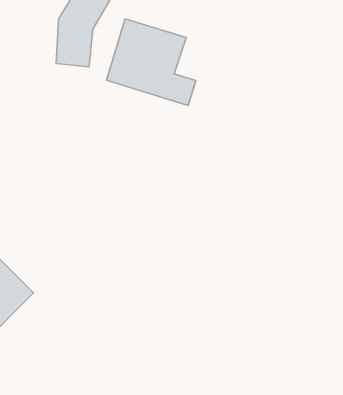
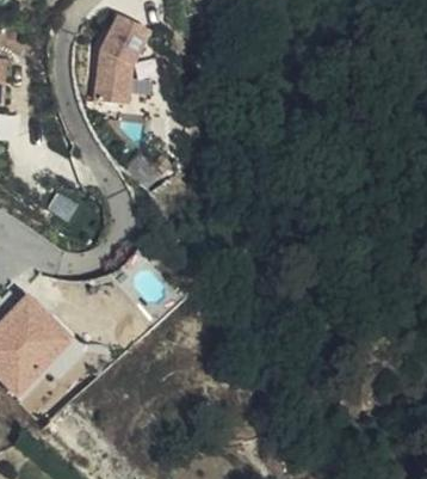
building: [106,19,196,106] -> none

